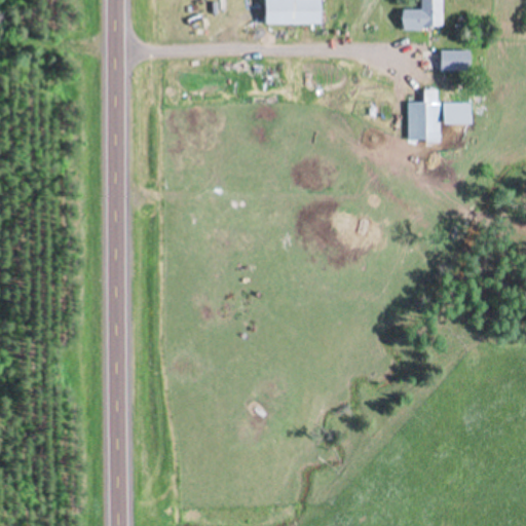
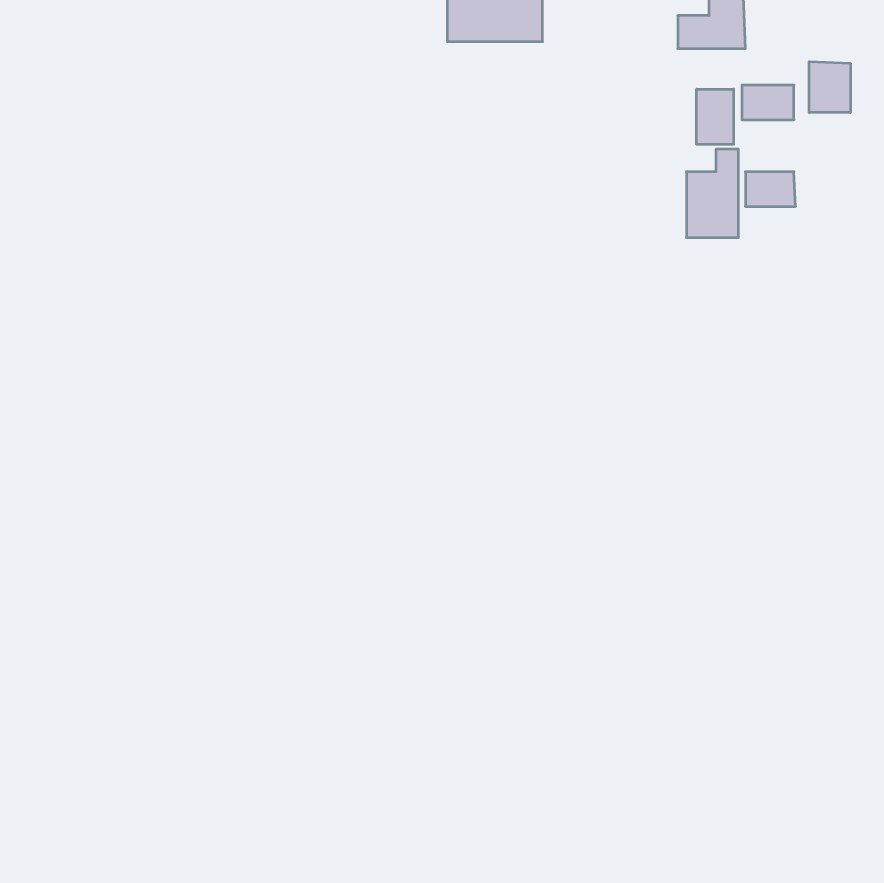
building: none -> [809,62,850,113]
building: none -> [697,89,734,144]

